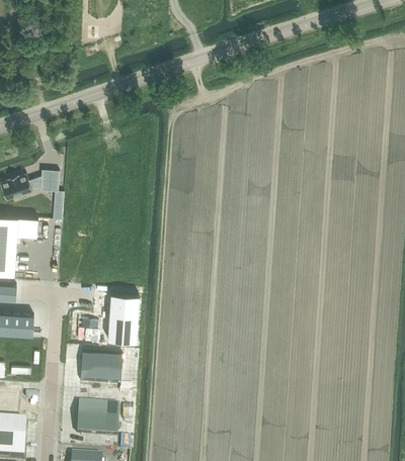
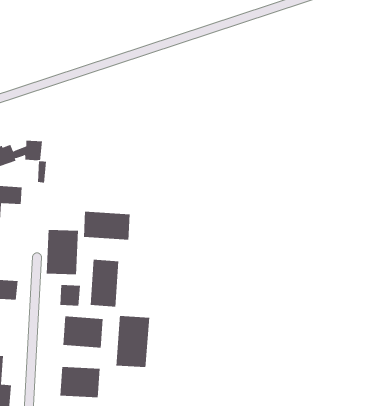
building: none -> [83,211,130,240]
building: none -> [46,229,79,275]
building: none -> [116,315,150,368]

